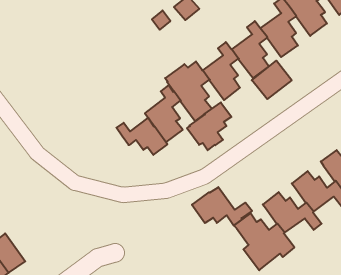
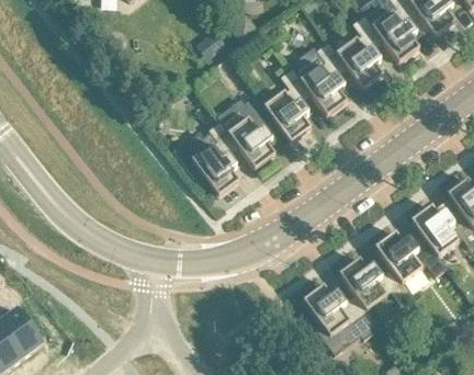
building: [252,61,292,99] -> none
building: [187,102,231,150] -> none
building: [116,118,167,155] -> none
building: [192,187,252,226] -> none

